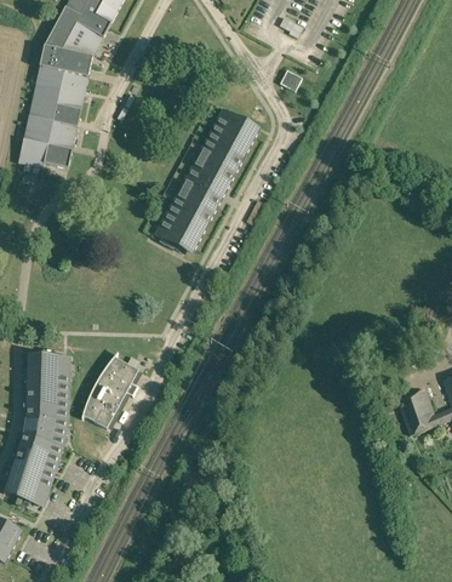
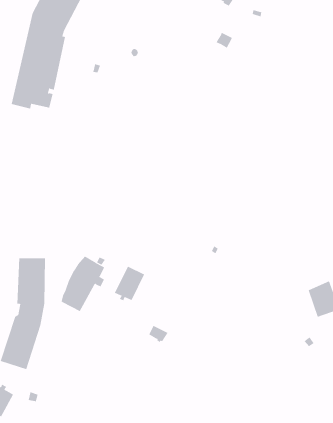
building: [158,108,258,251] -> none
building: none -> [114,266,145,301]

